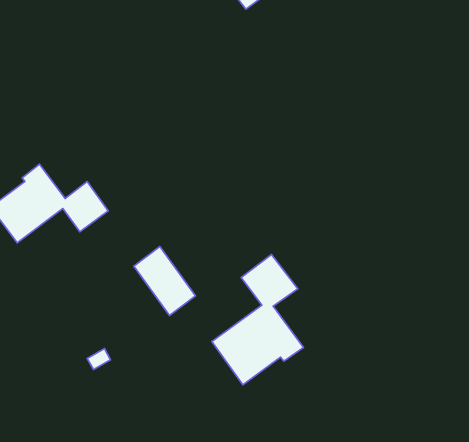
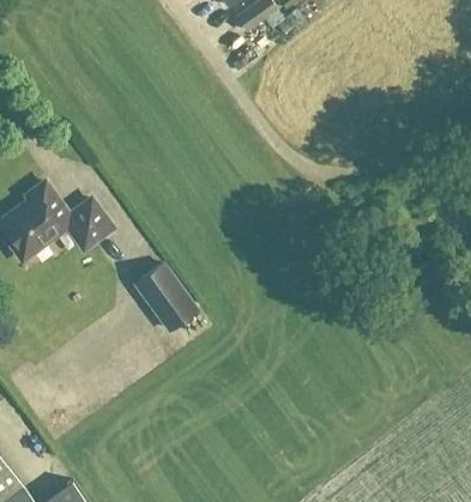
building: [212,254,303,385] -> none

